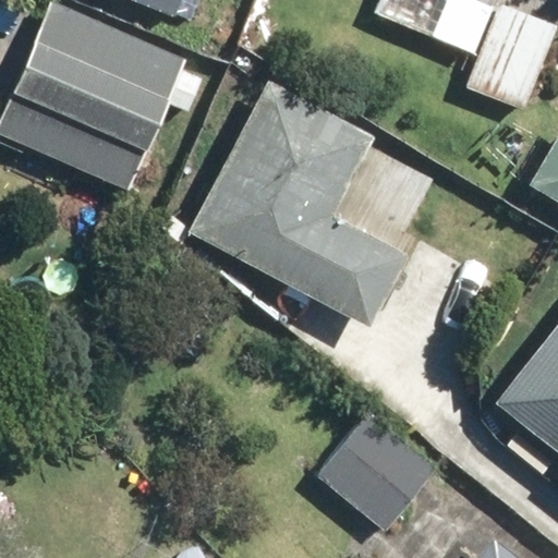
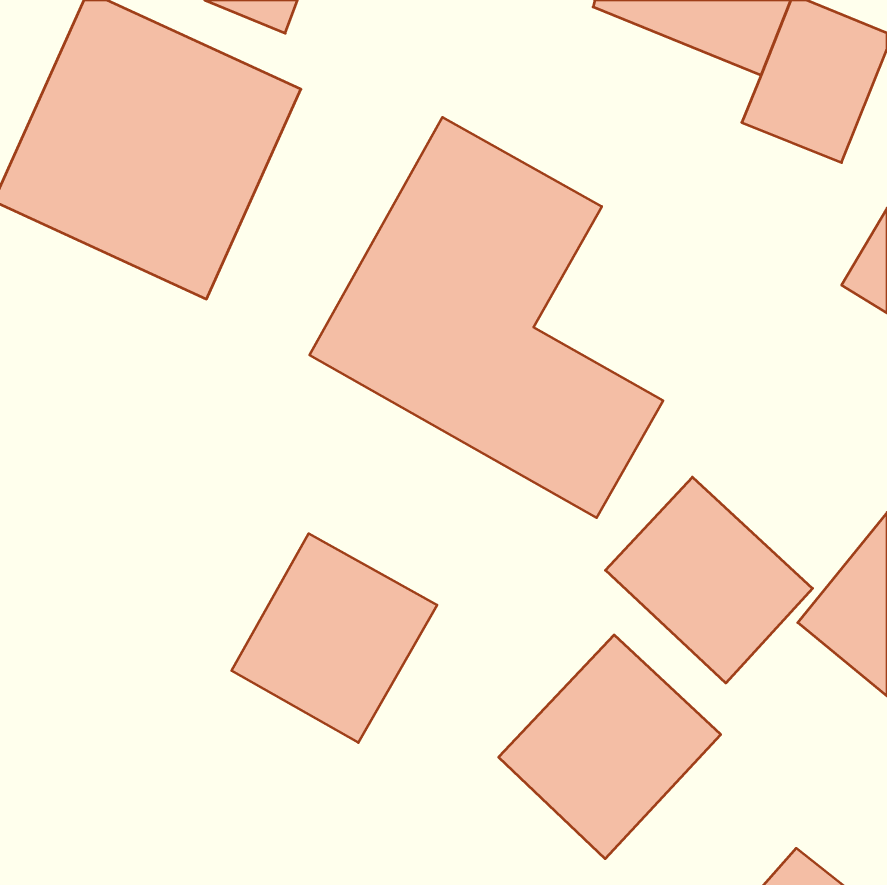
building: none -> [605,477,813,683]
building: none -> [232,534,437,743]

